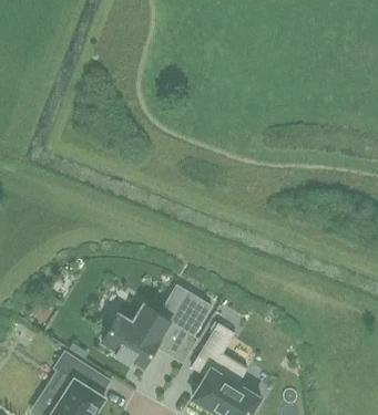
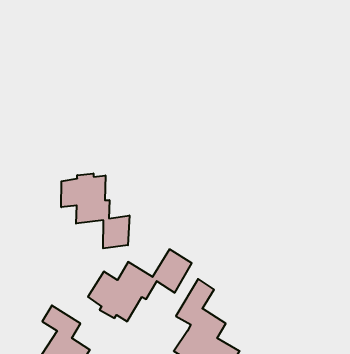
building: none -> [61,173,129,248]

